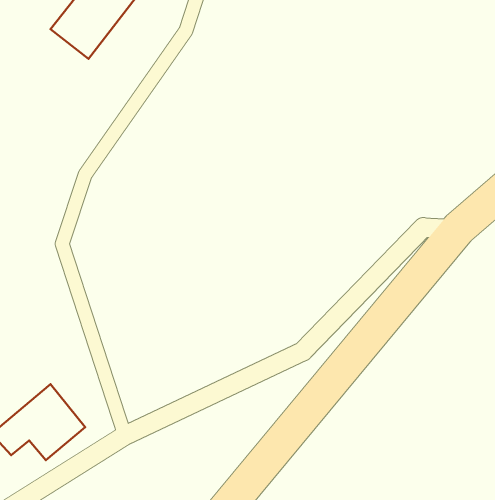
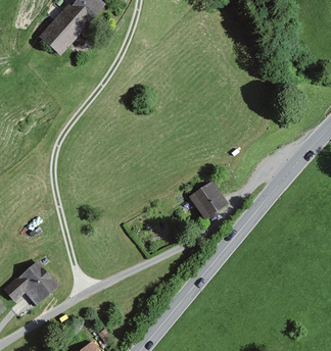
building: none -> [187,182,223,217]

